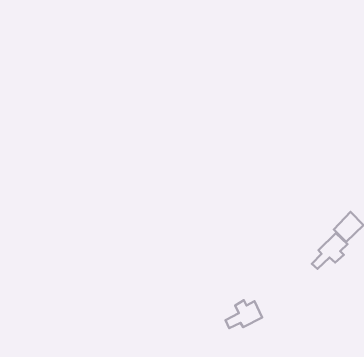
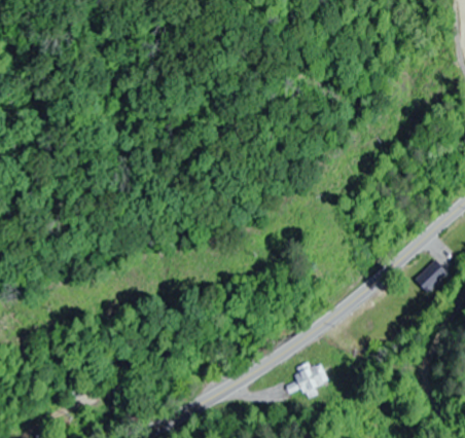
building: [312,233,348,269] -> none

